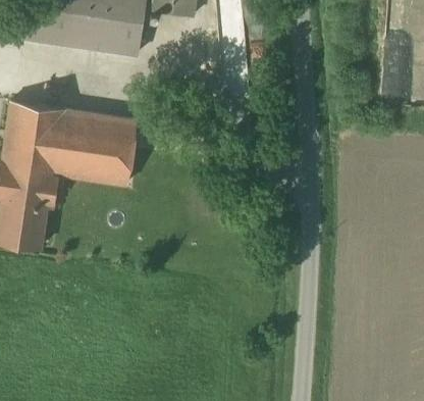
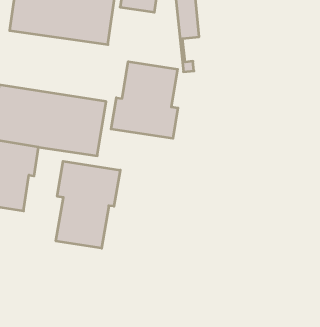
building: none -> [111,62,178,138]
building: none -> [56,161,120,248]

